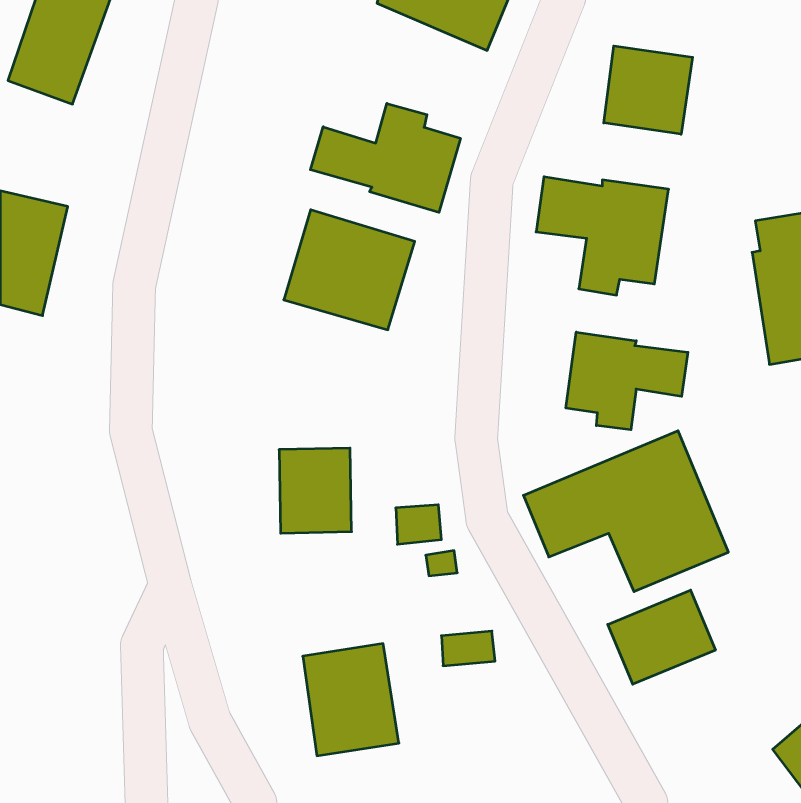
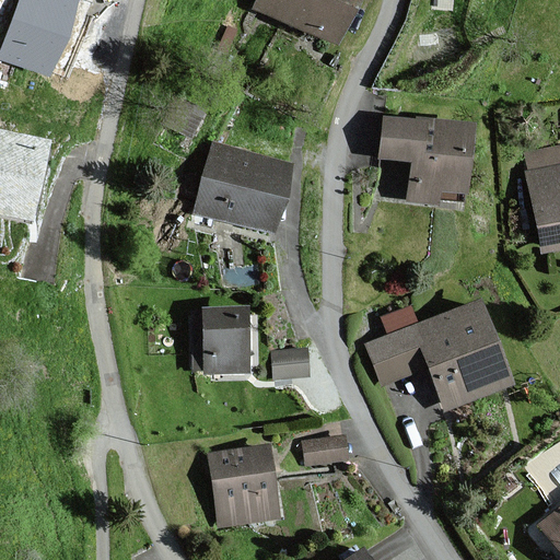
building: [604,46,693,134] -> none
building: [310,103,460,212] -> none
building: [566,332,688,430] -> none
building: [608,590,715,684] -> none

